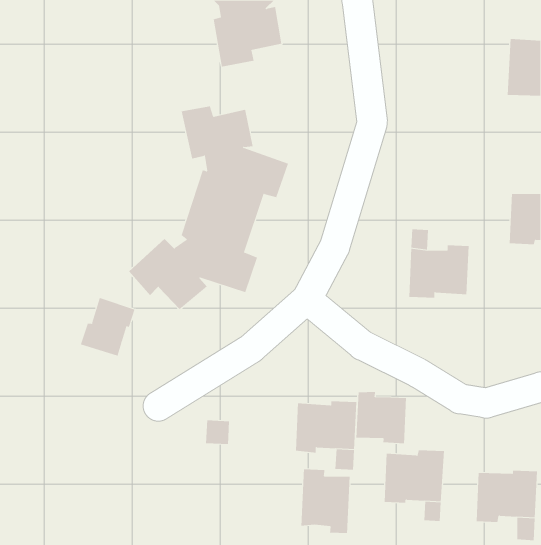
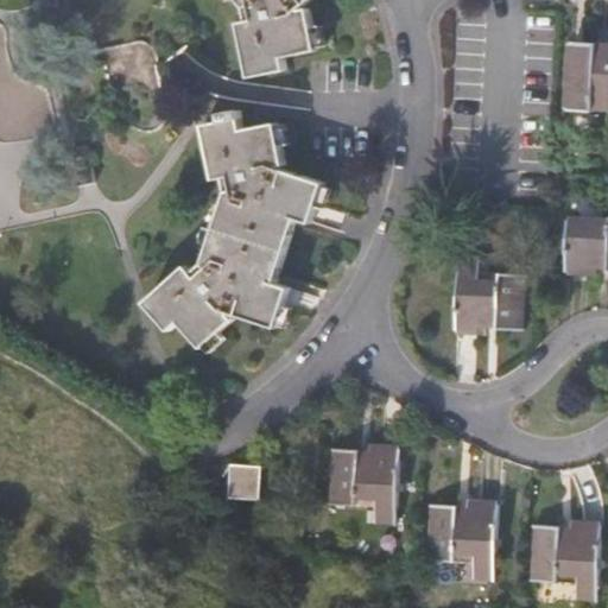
building: [80,297,135,356] -> none
building: [356,391,407,444] -> none
building: [301,468,350,534] -> none

